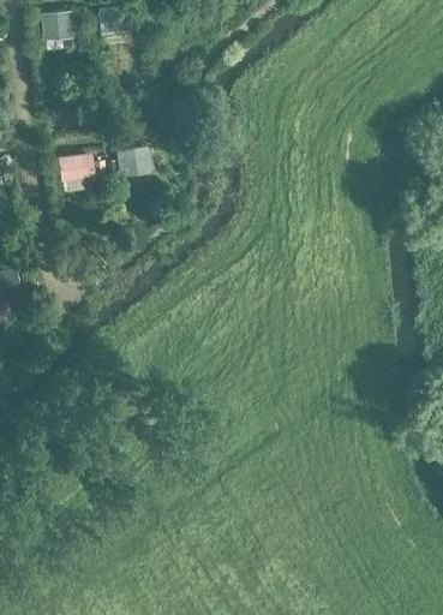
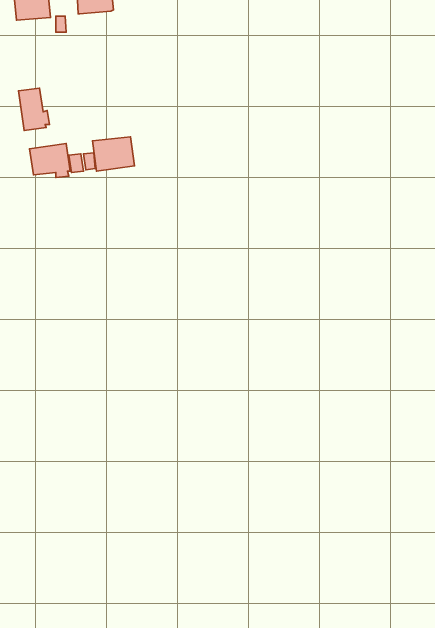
building: none -> [19,88,50,130]

